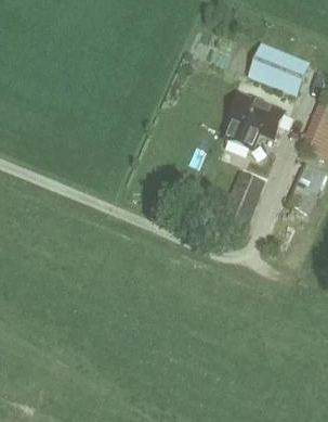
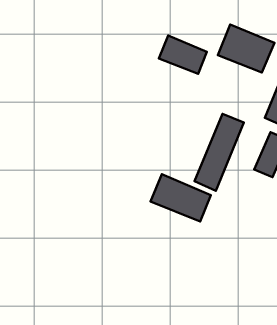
building: [228,97,283,140] -> [159,35,207,74]
building: none -> [151,174,211,222]

